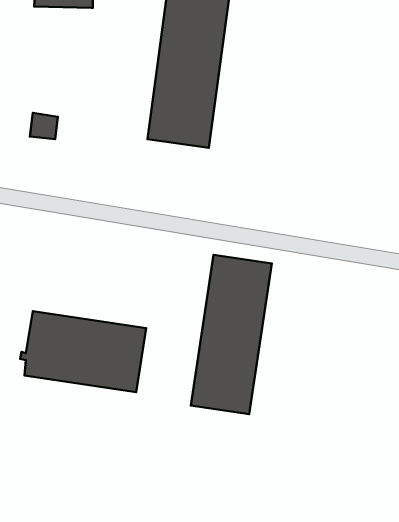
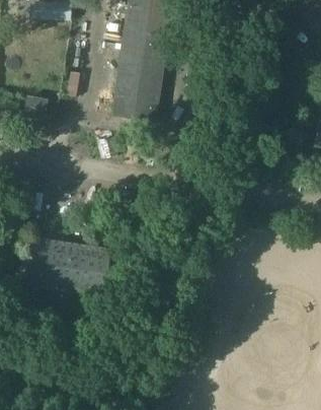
building: [191,255,272,414] -> none

